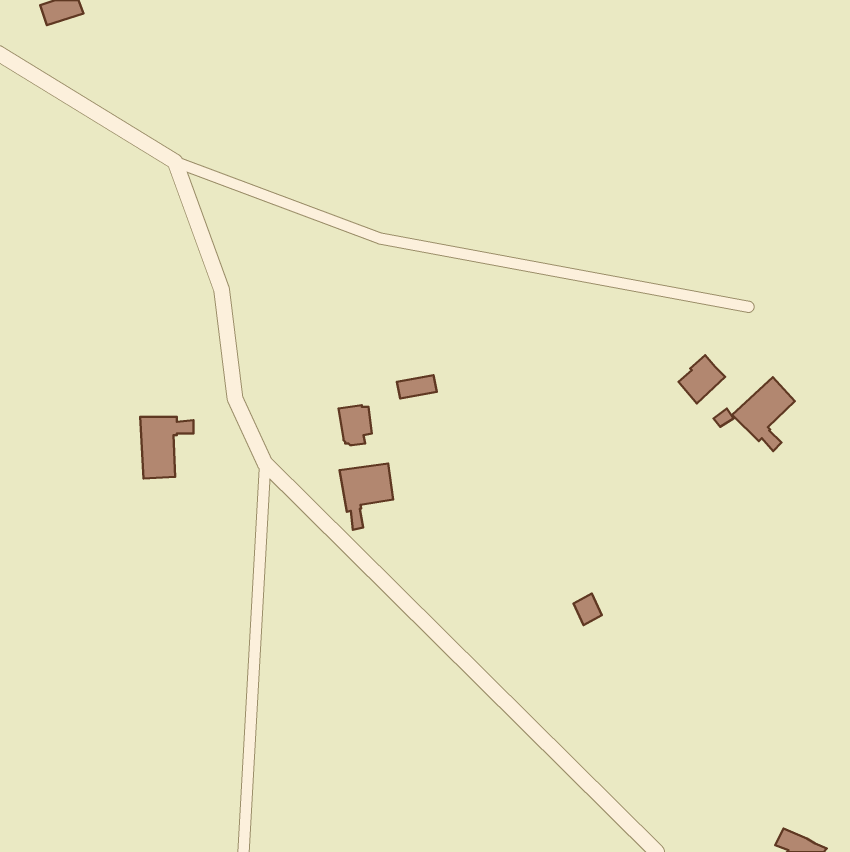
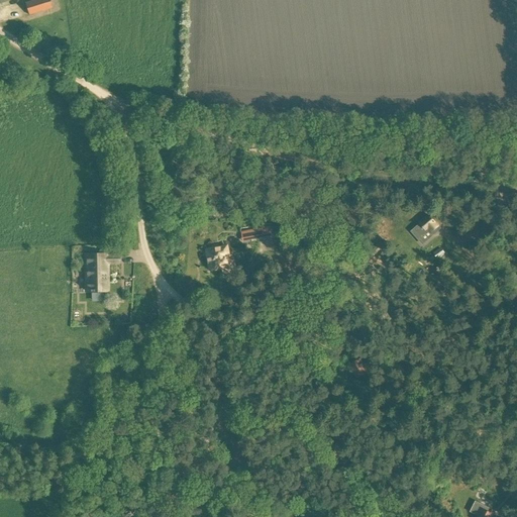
building: [732,377,795,451] -> none
building: [339,463,393,530] -> none

